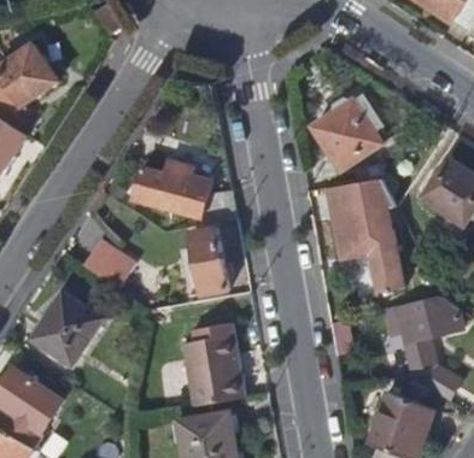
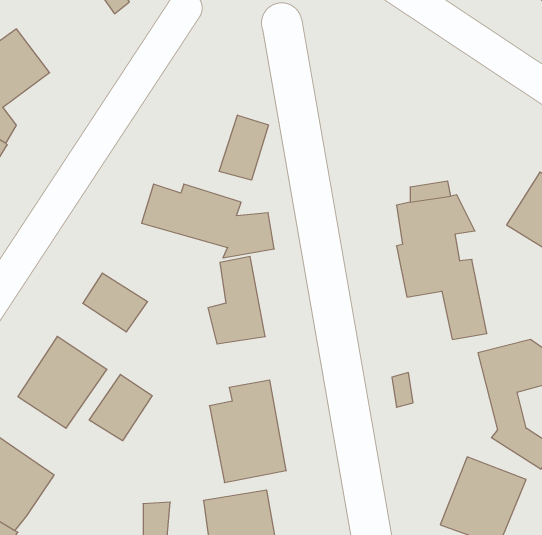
building: [312,96,382,169] -> none
building: none -> [219,115,269,180]
building: none -> [89,374,152,441]

